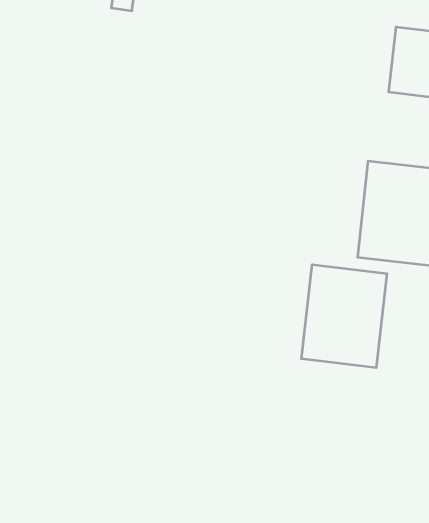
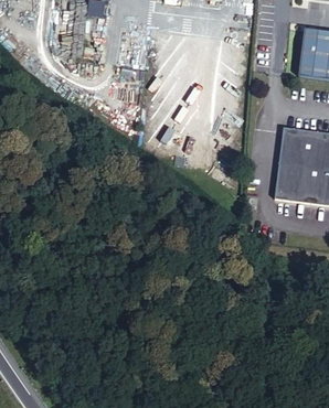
building: [301,265,387,368] -> none

